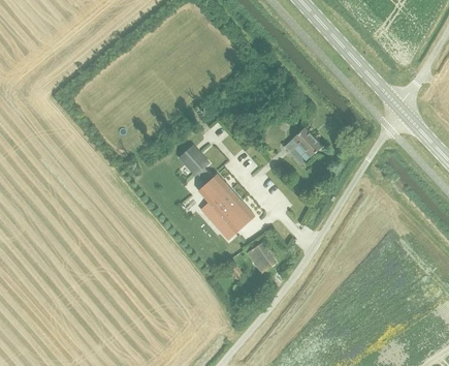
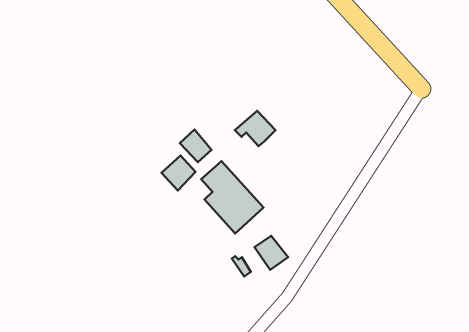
building: [284,128,321,160] -> [235,111,275,146]
building: none -> [161,156,196,190]

